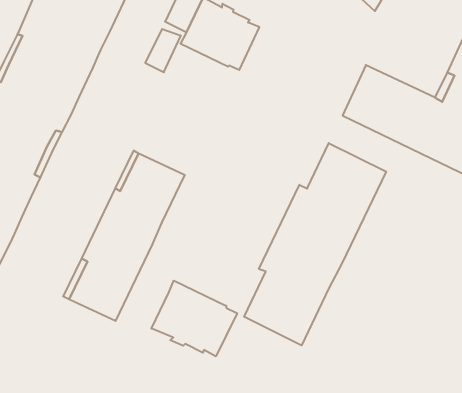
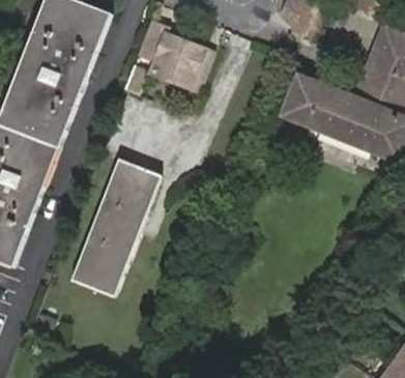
building: [244,143,386,345] -> none
building: [151,281,237,356] -> none

